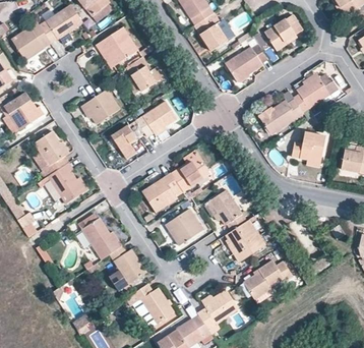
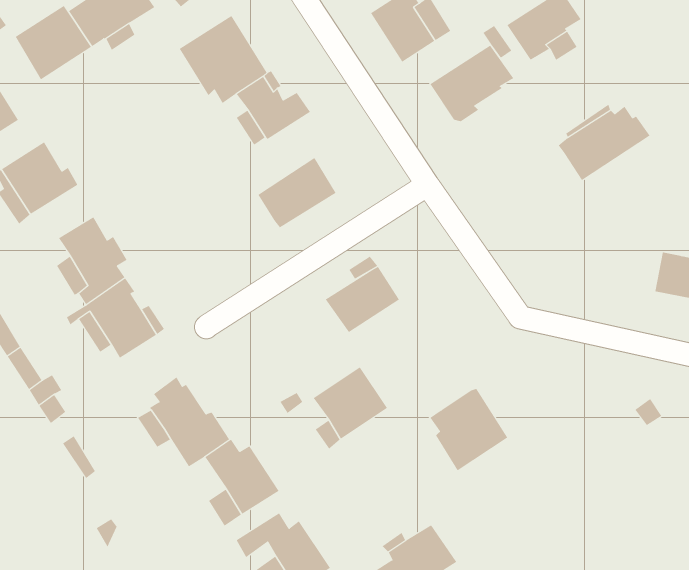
building: [80,89,120,124] -> none
building: [258,98,303,134] -> none
building: [111,119,144,158] -> none
building: [291,131,325,162] -> none
building: [141,172,183,212] -> none
building: [208,188,246,230] -> none
building: [243,259,292,299] -> none

